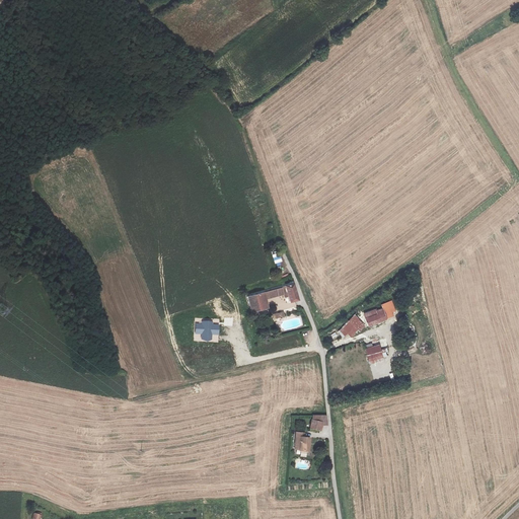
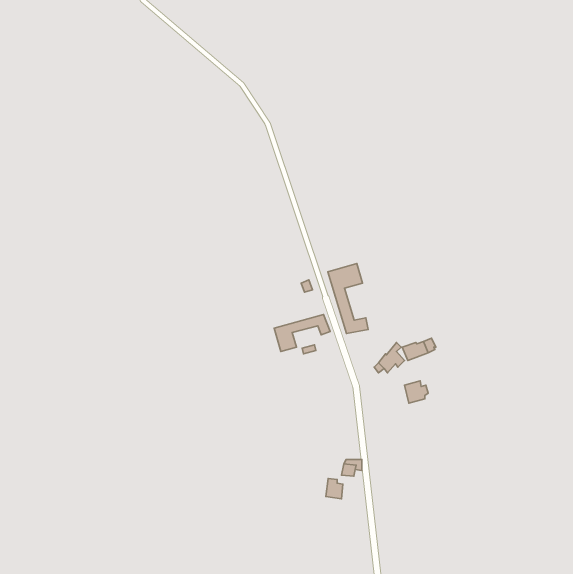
building: none -> [328,264,368,333]
building: [196,321,220,342] -> none

